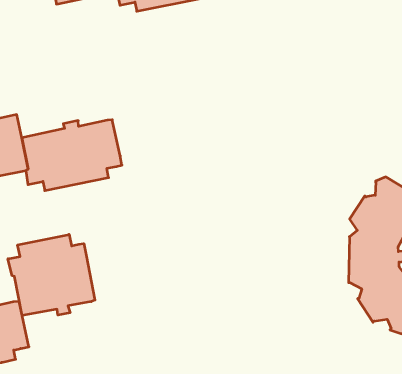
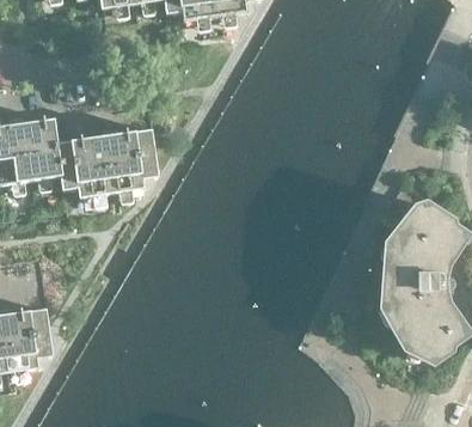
building: [8,234,95,315] -> none

